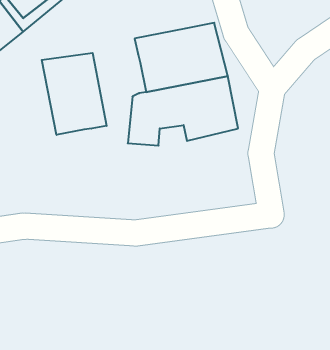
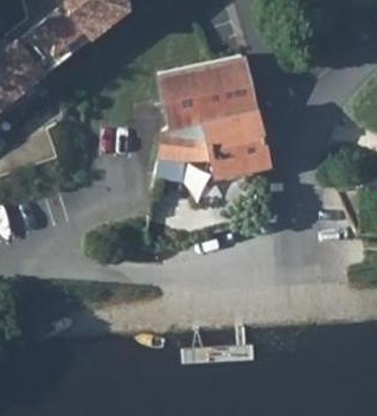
building: [42,53,107,135] -> none

